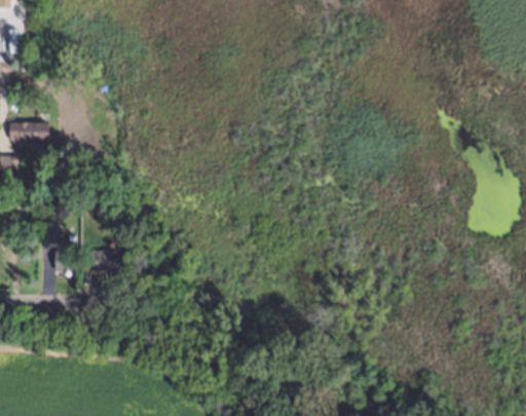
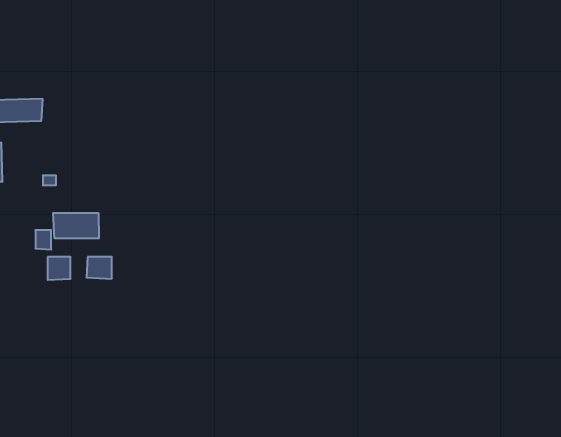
building: none -> [53,213,99,238]

